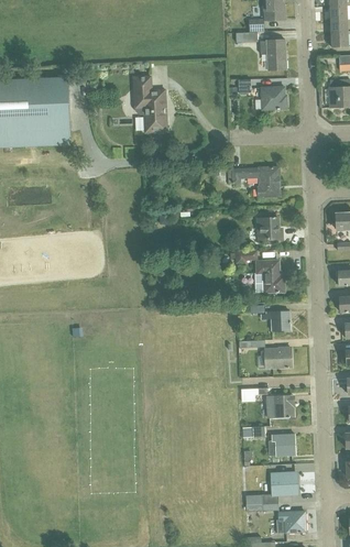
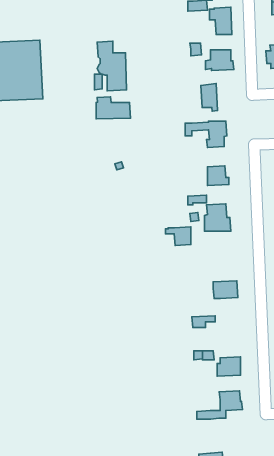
building: none -> [201,84,218,111]
building: none -> [96,97,131,119]
building: [261,310,289,331] -> [165,227,191,245]
building: [266,396,294,418] -> none
building: [276,511,306,533] -> none

